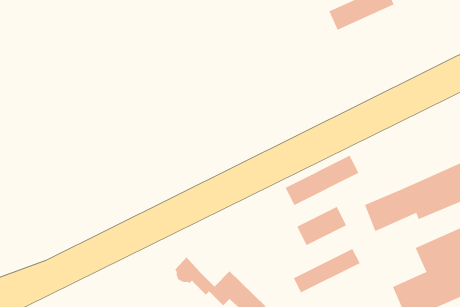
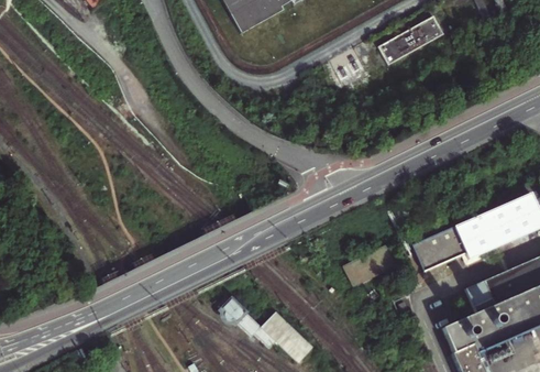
building: [285,155,359,206] -> none
building: [293,248,360,293] -> none

